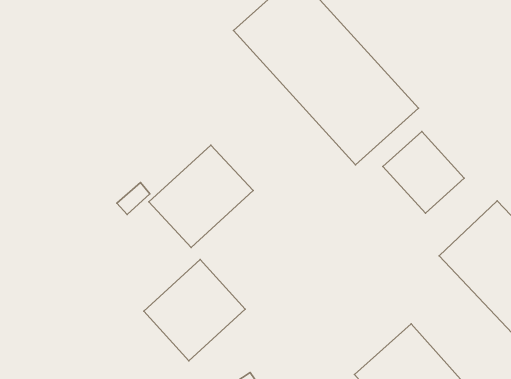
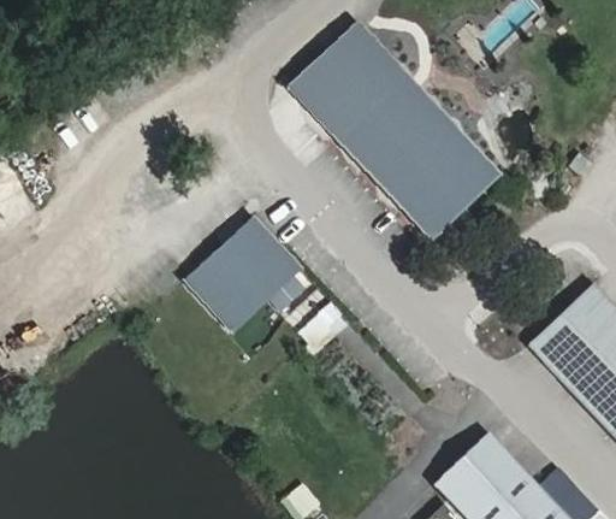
building: [383,132,464,213] -> none
building: [144,260,245,361] -> none

